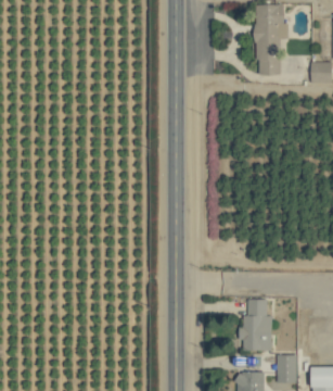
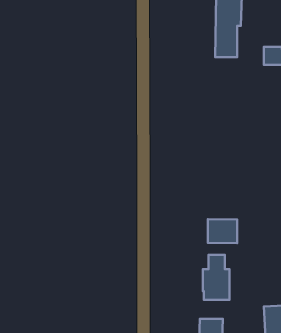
building: none -> [208,219,237,243]
building: [276,355,295,382] -> none

